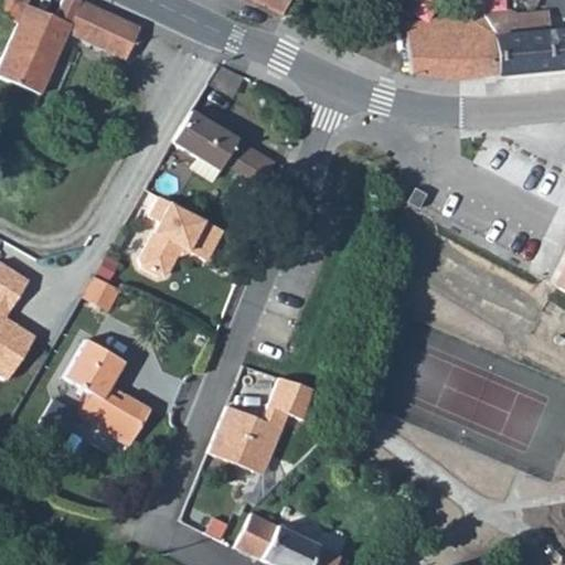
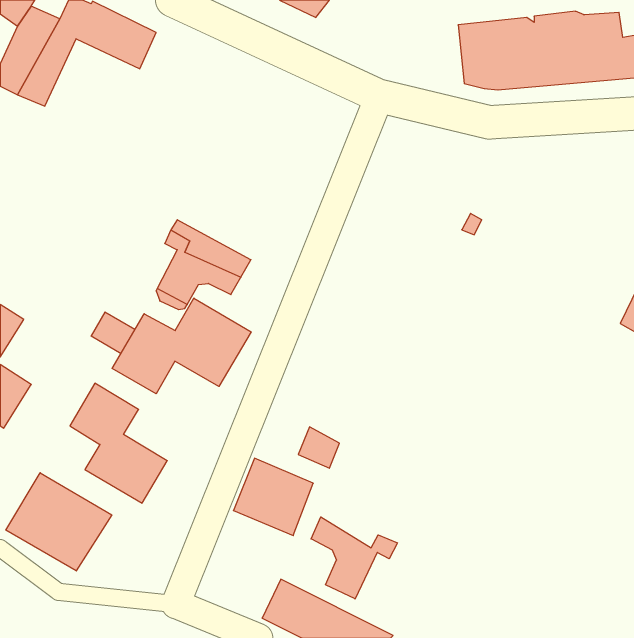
building: [173,110,277,185] -> none
building: none -> [112,298,251,394]
building: none -> [6,473,112,571]
building: none -> [311,517,397,599]

